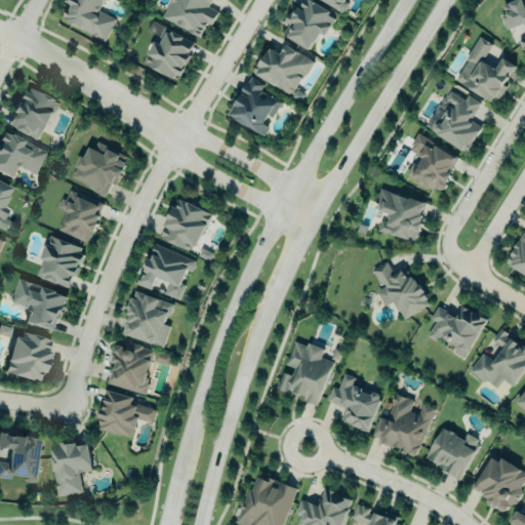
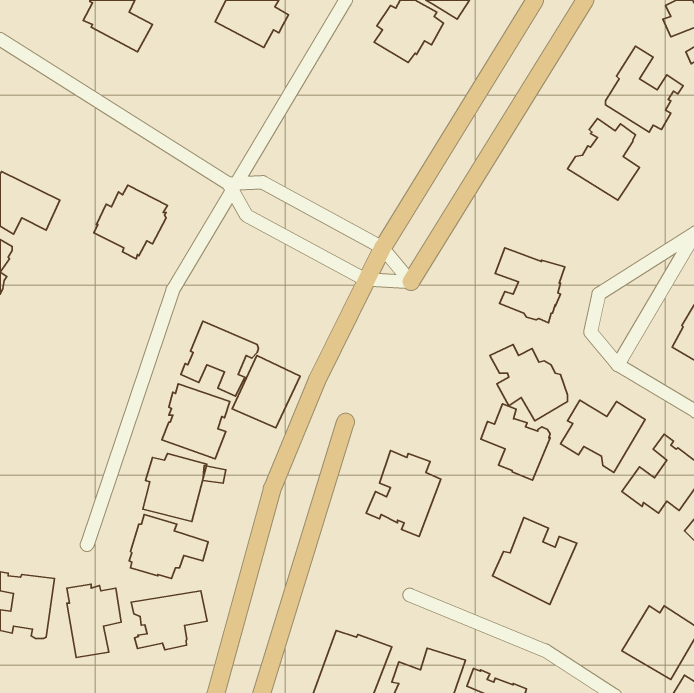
building: [144,29,196,82] -> none
building: [253,45,314,95] -> none
building: [229,77,281,137] -> none
building: [7,87,58,139] -> none
building: [407,129,460,193] -> none
building: [56,188,106,244] -> none
building: [160,199,211,253] -> [232,356,300,428]
building: [38,236,85,288] -> none
building: [12,280,69,330] -> none
building: [6,331,53,383] -> none
building: [328,374,380,432] -> [481,404,550,480]
building: [427,429,480,482] -> none
building: none -> [131,591,207,650]

